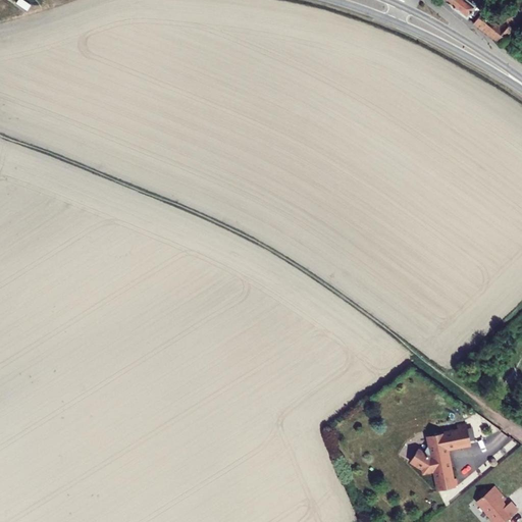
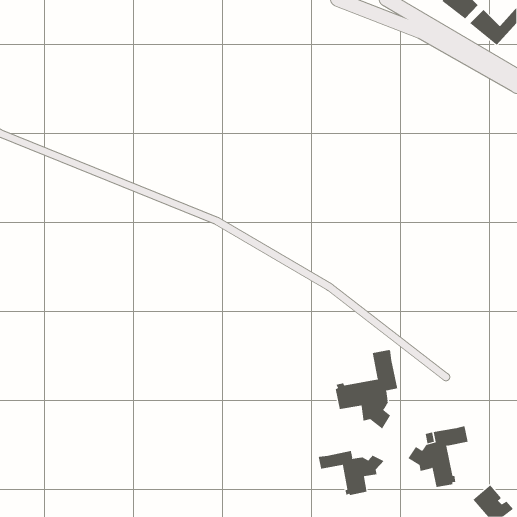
building: none -> [335,349,398,430]
building: none -> [318,450,384,496]

